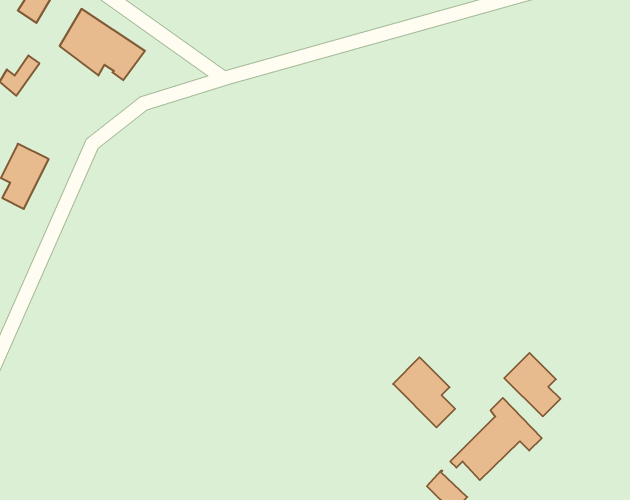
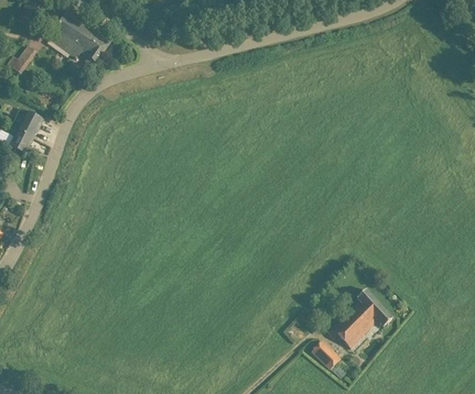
building: [504,353,560,416] -> none
building: [393,357,455,427] -> none

